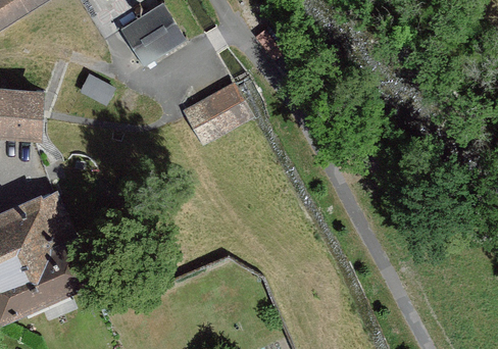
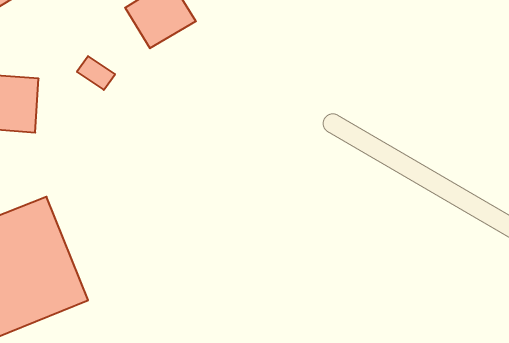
building: [182,81,253,145] -> none

